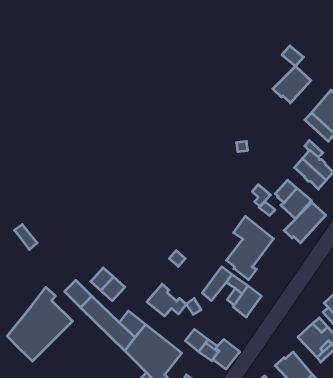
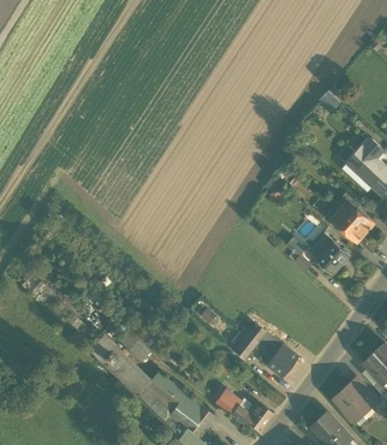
building: [273,66,311,103] -> none
building: [284,202,326,243] -> none
building: [226,216,274,280] -> none
building: [147,284,186,316] -> none
building: [7,287,73,361] -> none

